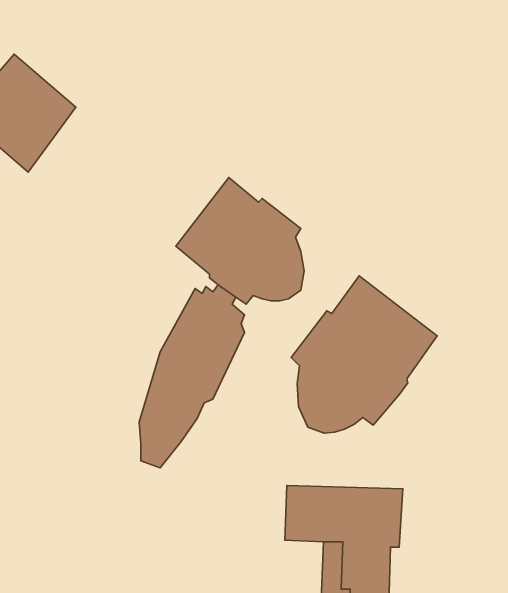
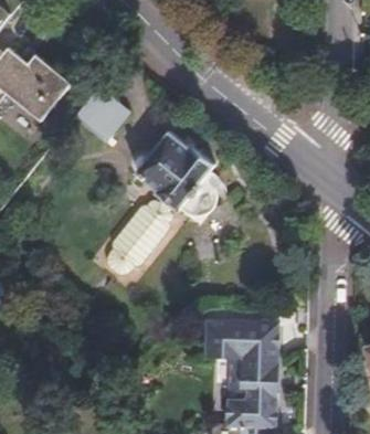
building: none -> [78,84,131,137]
building: [291,276,437,433] -> none

